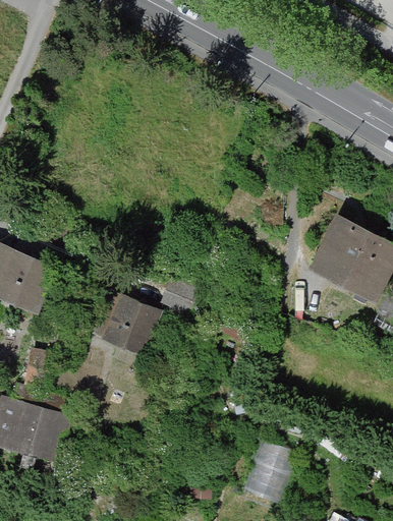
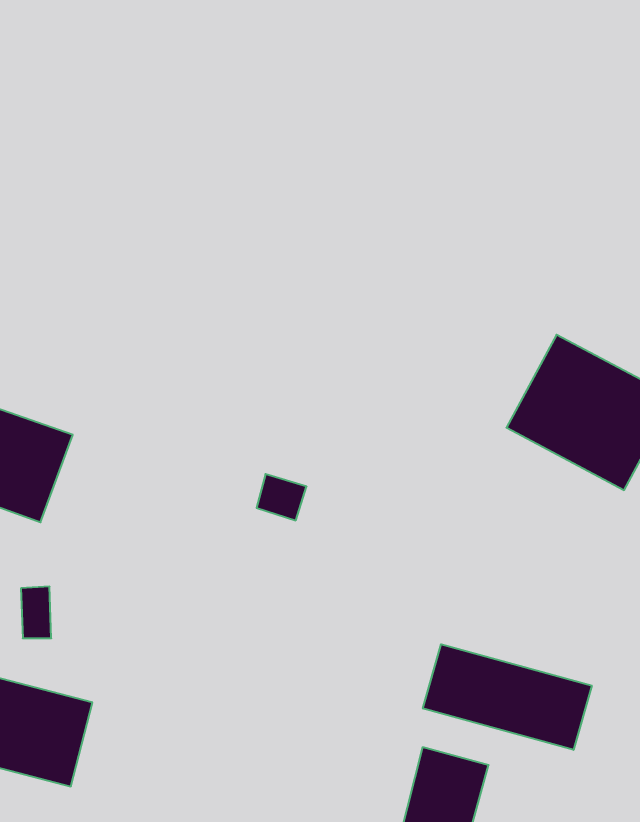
building: [91,290,159,356] -> none
building: none -> [423,644,592,750]

